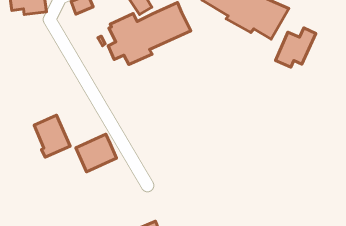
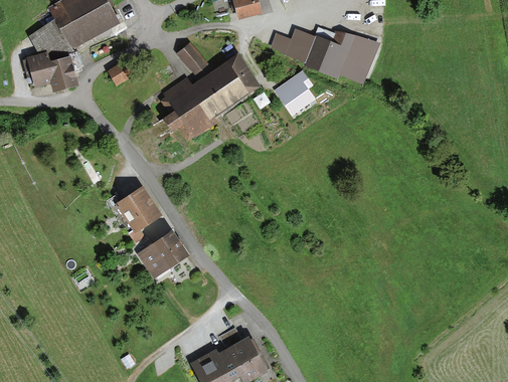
building: none -> [275,70,313,115]
building: [275,28,316,67] -> none
building: [34,115,70,157] -> [116,186,164,240]

